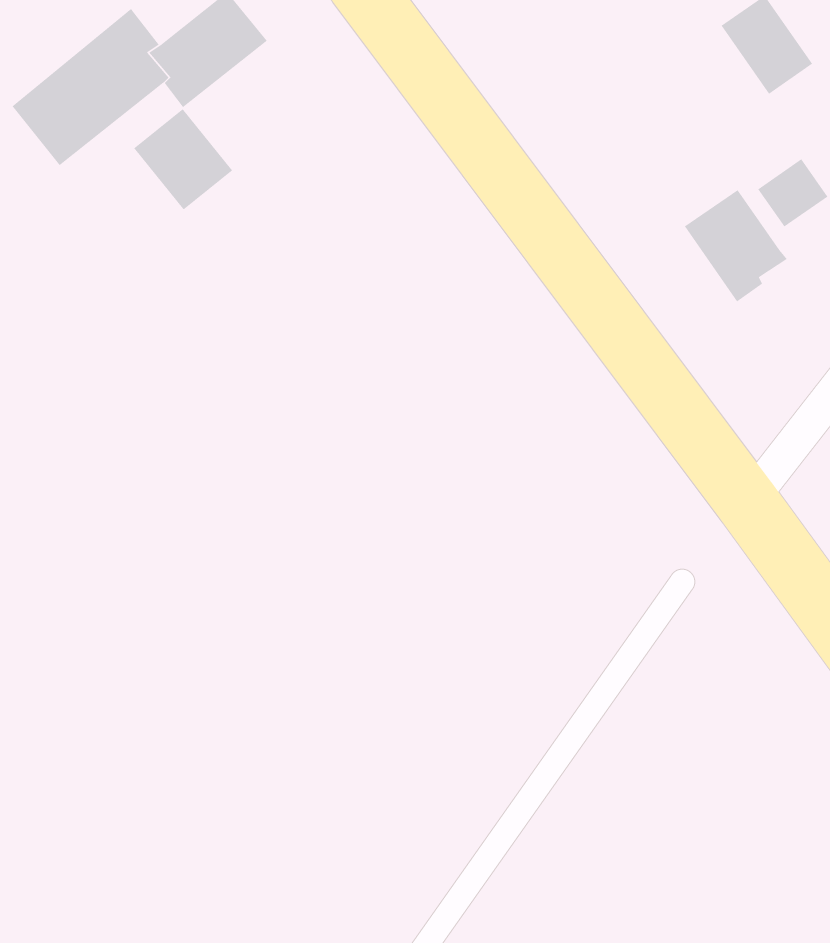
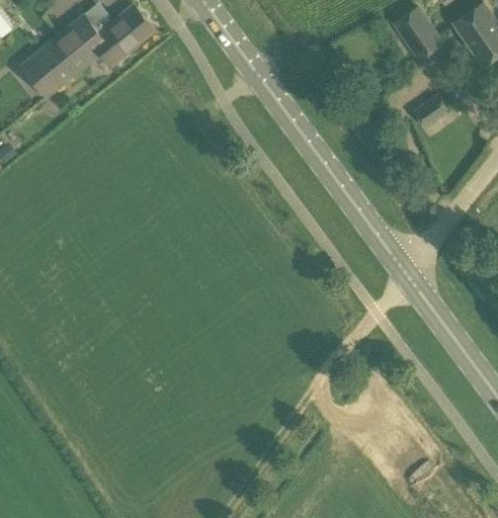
building: [133,108,233,210] -> none
building: [684,189,788,302] -> none

